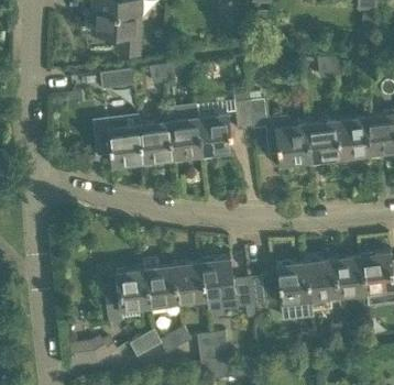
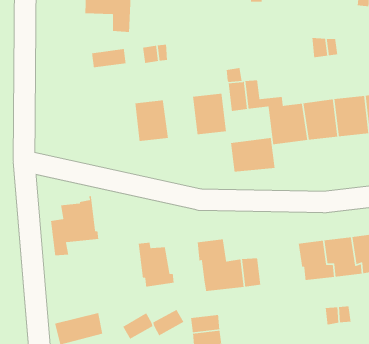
building: [92,117,146,167] -> none
building: [171,118,204,160] -> none
building: none -> [230,137,275,173]
building: [173,262,210,303] -> none
building: [105,263,153,323] -> [50,195,99,256]
building: [275,263,310,305] -> none

